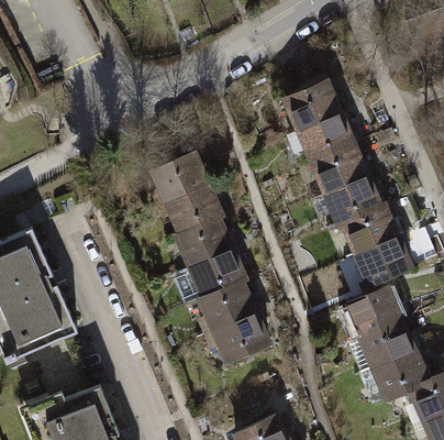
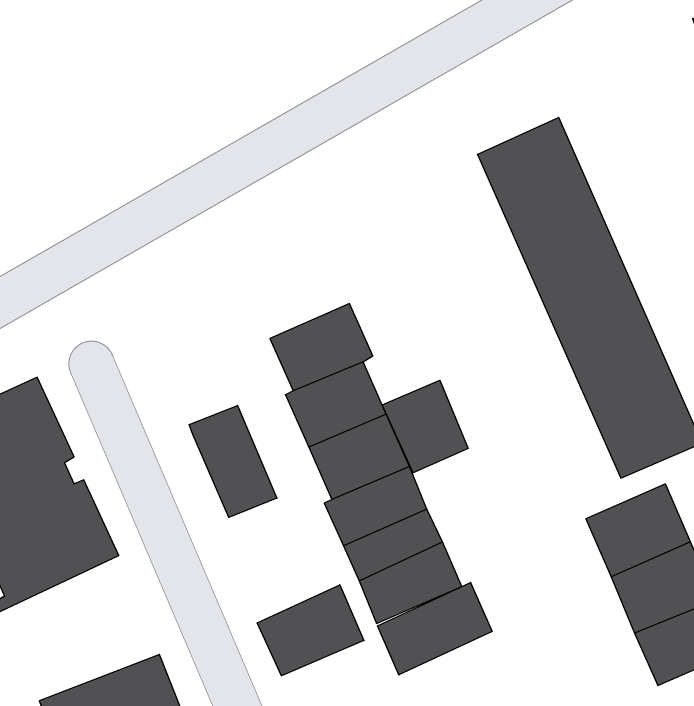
building: [149,151,209,204] -> none
building: none -> [382,380,468,473]
building: none -> [189,405,277,517]
building: none -> [377,582,492,675]
building: none -> [257,585,364,676]

